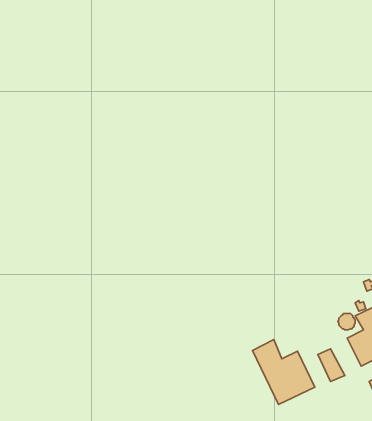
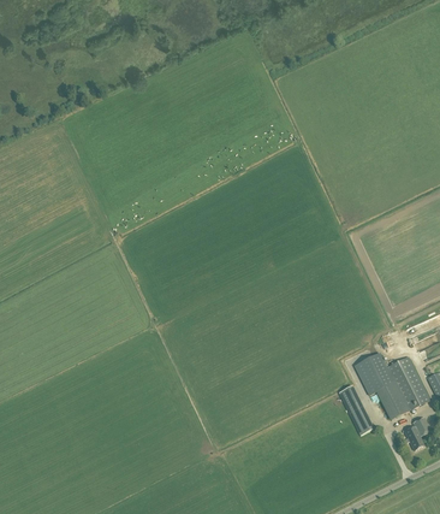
building: [253,340,315,405] -> none

